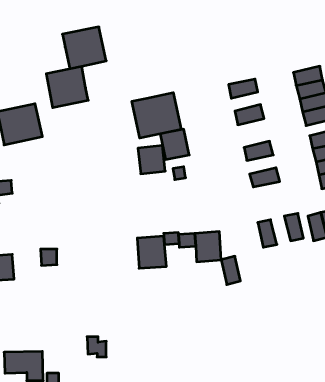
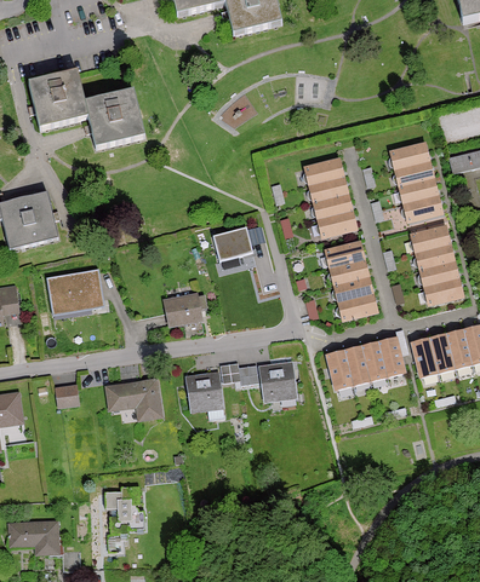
building: [46,66,88,108] -> [33,73,88,127]
building: none -> [309,177,348,202]
building: [132,93,181,138] -> none
building: none -> [318,212,356,237]
building: [138,145,165,174] -> [165,293,201,330]
building: none -> [330,260,368,286]
building: none -> [48,270,96,306]
building: none -> [338,295,377,321]
building: none -> [361,341,388,379]
building: none -> [109,379,162,420]
building: [221,256,240,285] -> [326,350,352,387]

